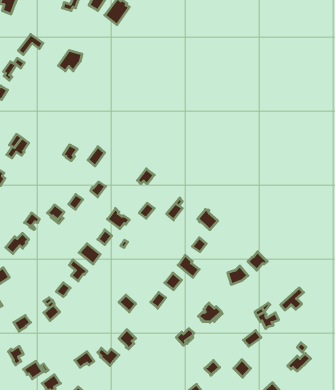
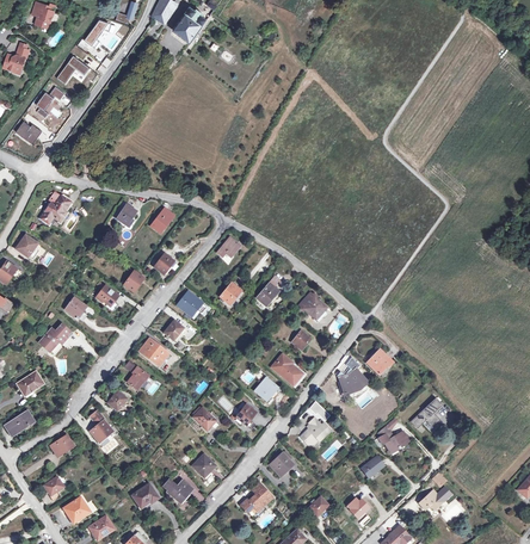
building: [58,51,82,71] -> [85,20,117,48]
building: none -> [240,483,272,519]

